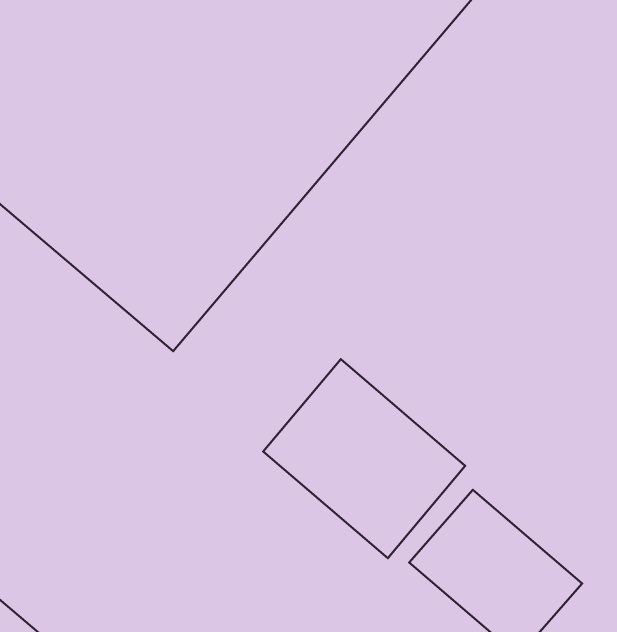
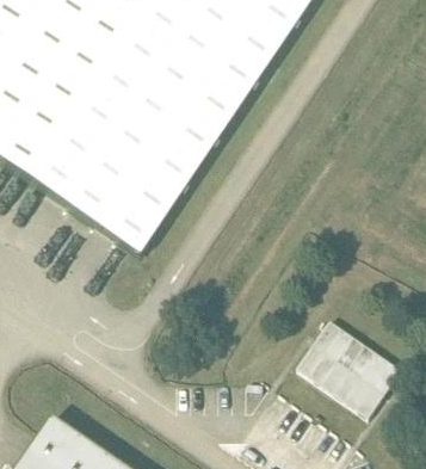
building: [263,359,465,558] -> none

